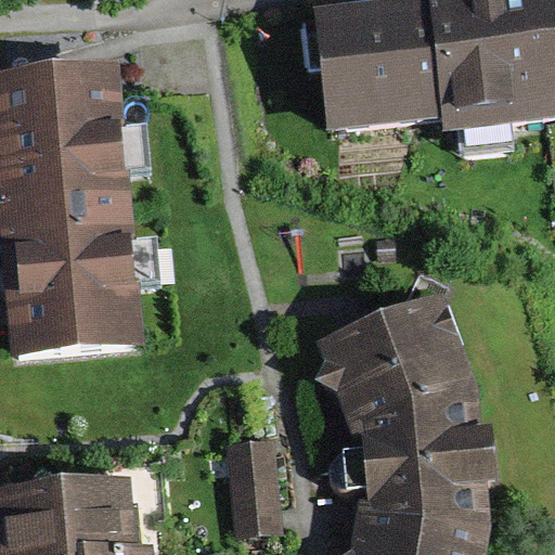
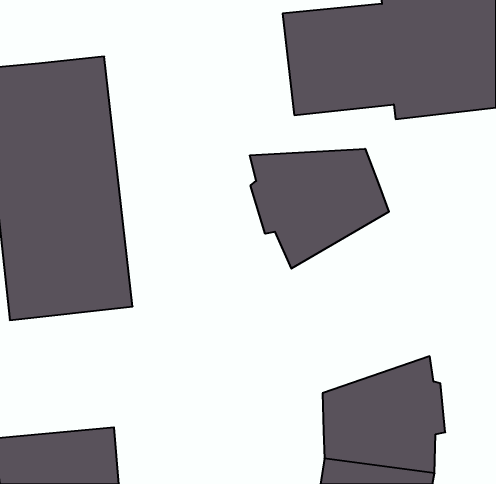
building: none -> [250,149,389,269]
building: [321,294,478,437] -> none
building: [224,435,278,530] -> none

